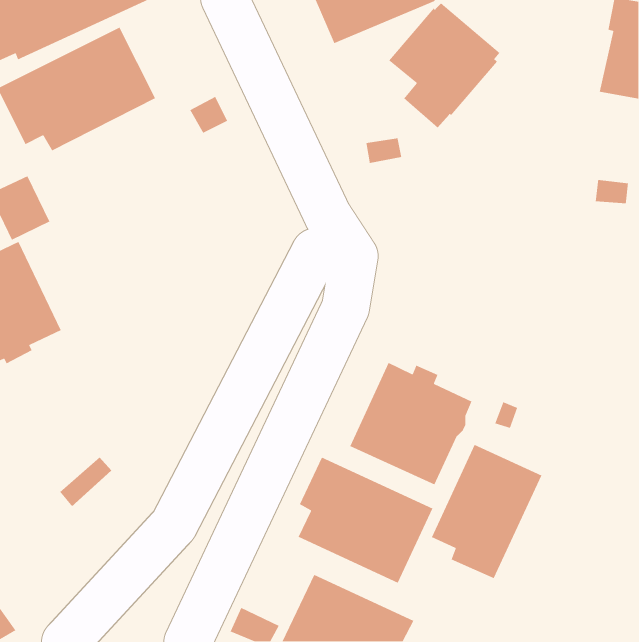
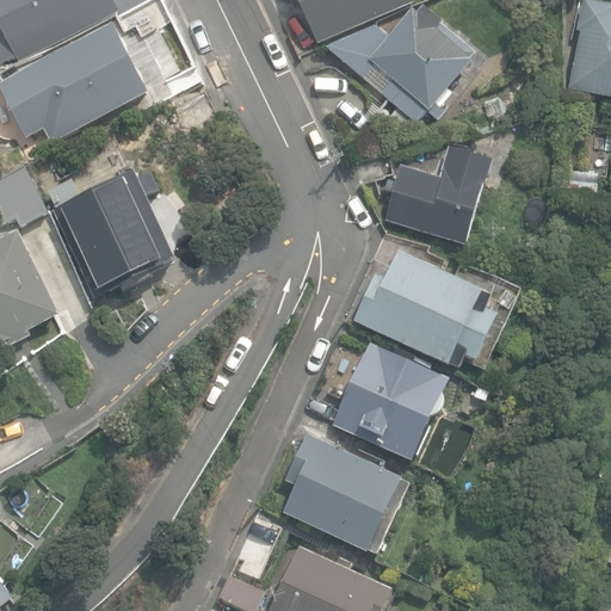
building: none -> [381,144,493,243]
building: none -> [45,172,175,298]
building: none -> [351,228,518,369]
building: [431,444,542,579] -> none

